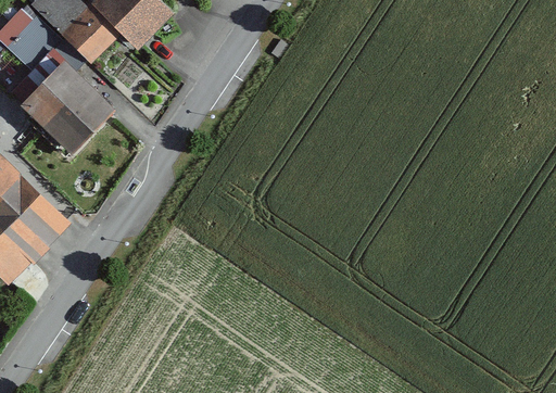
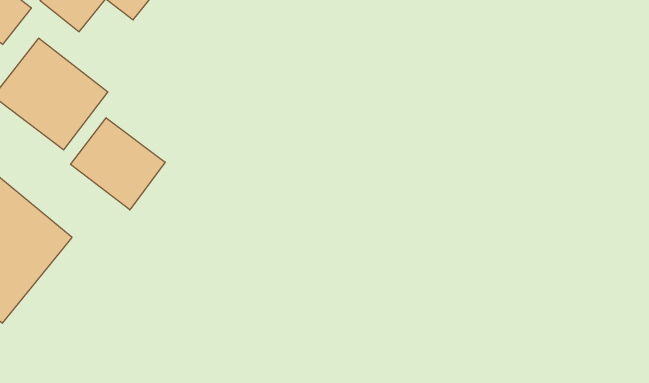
building: none -> [71,118,165,210]

